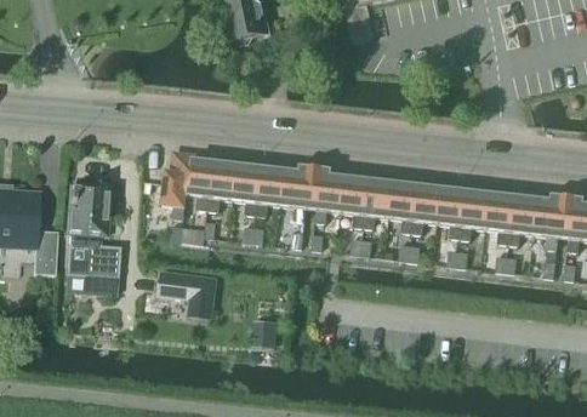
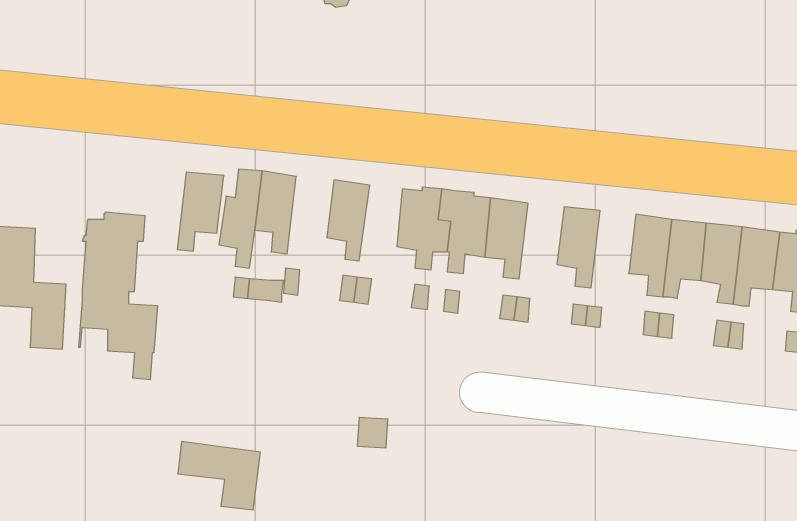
building: [207,158,239,211] -> [177,172,224,251]
building: [256,164,285,216] -> none
building: [364,176,394,228] -> none
building: [412,181,443,234] -> none
building: [160,270,216,316] -> [178,441,260,510]

